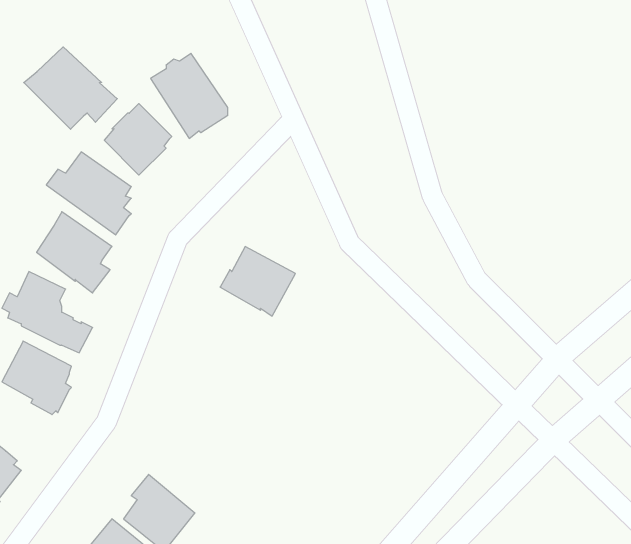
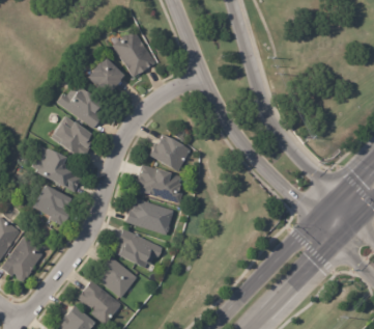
building: [24,47,117,129] -> none
building: none -> [137,165,183,204]
building: none -> [126,198,175,236]
building: none -> [114,229,163,269]

